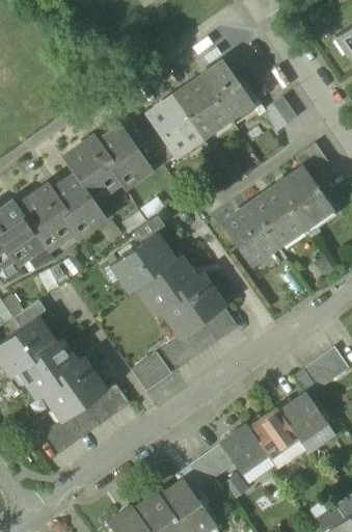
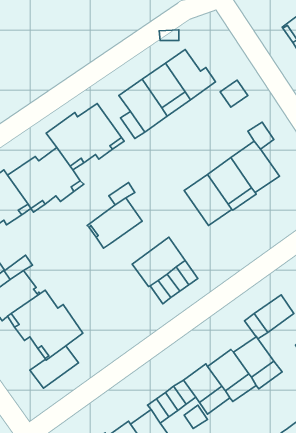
building: [137,256,205,314] -> none
building: [162,335,197,370] -> none
building: [132,351,172,391] -> none
building: [85,382,130,424] -> none

